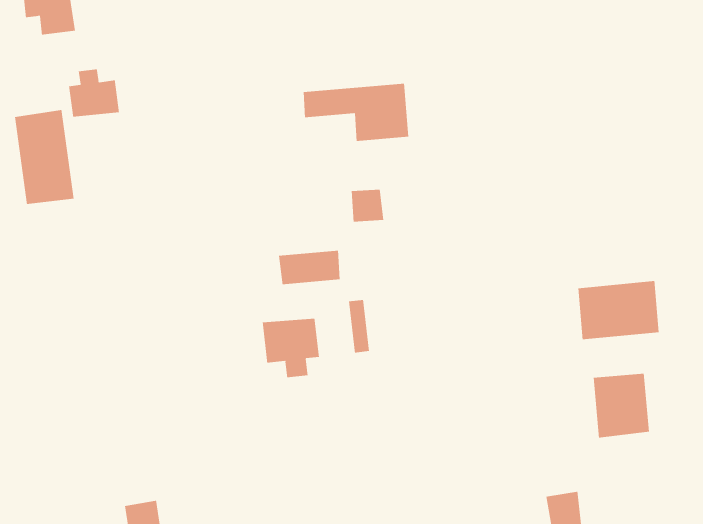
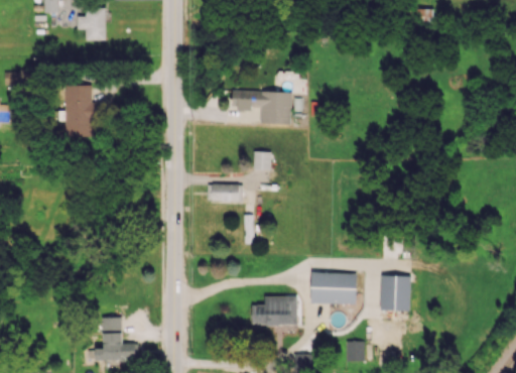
building: [68,68,120,118] -> none
building: [577,281,659,340] -> [310,272,357,303]
building: [262,318,319,378] -> none
building: none -> [252,296,297,325]

